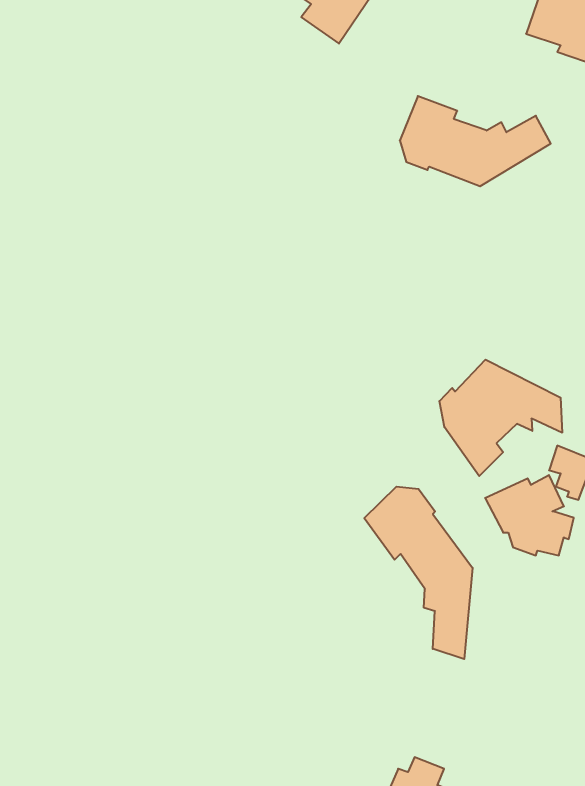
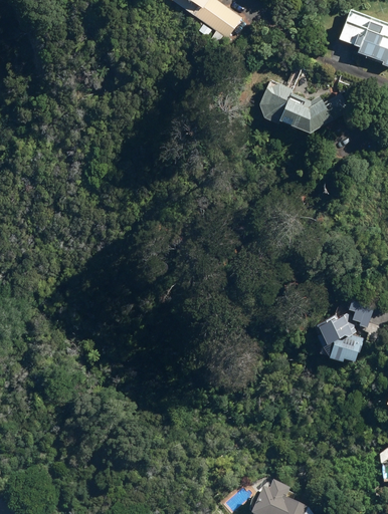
building: [439,360,562,476] -> none
building: [364,487,473,659] -> none

